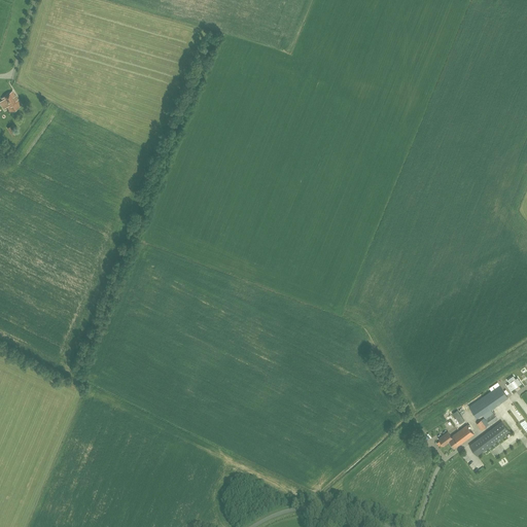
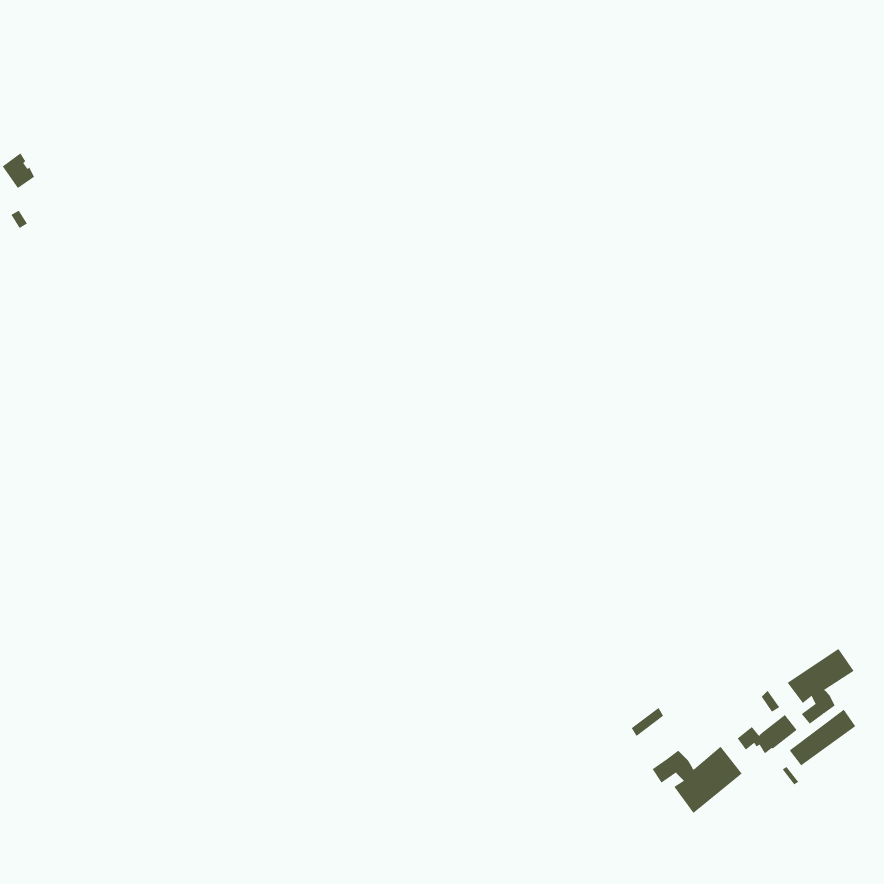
building: none -> [652,746,742,814]

